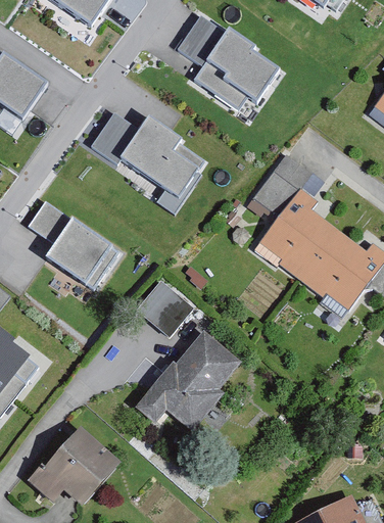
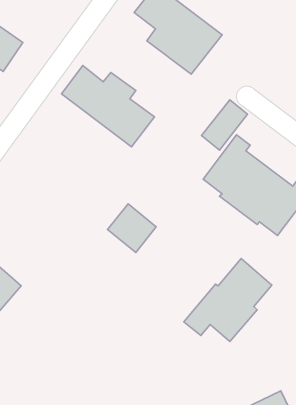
building: [27,198,116,287] -> none
building: [136,332,241,431] -> [184,259,272,341]
building: [27,428,121,507] -> none

